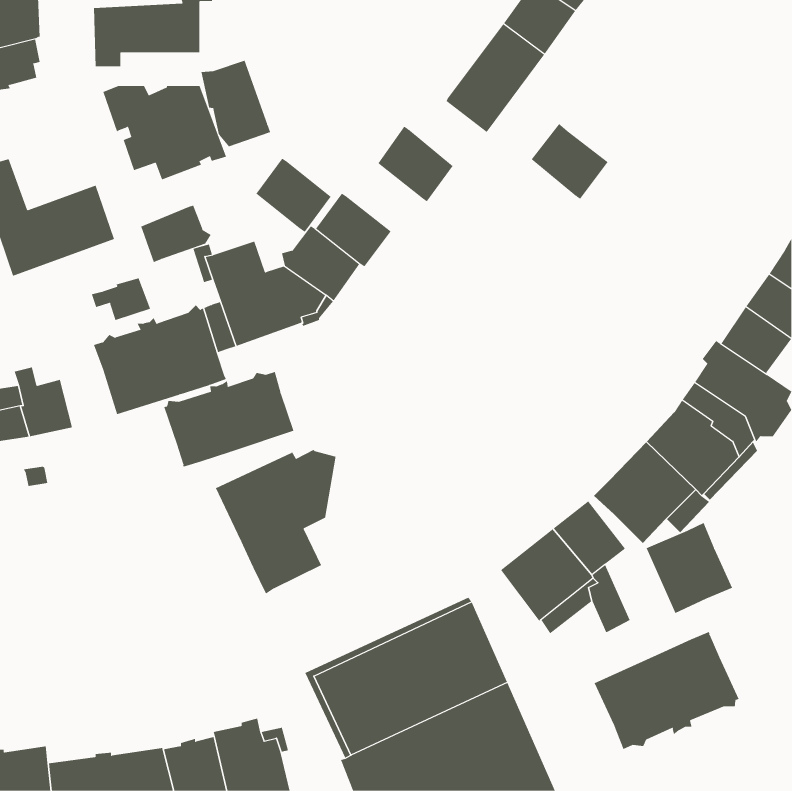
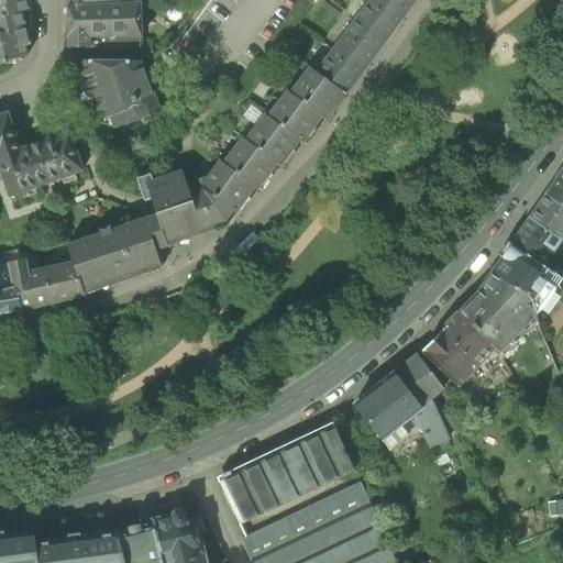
building: [201,60,271,147] -> none
building: [531,123,609,199] -> [289,66,344,120]
building: [256,158,332,232] -> [245,113,299,166]
building: [141,205,212,263] -> none
building: [91,277,151,321] -> none
building: none -> [43,262,82,302]
building: [163,371,294,467] -> none
building: [215,449,336,594] -> none
building: [646,522,733,614] -> none
building: [594,631,740,750] -> none

